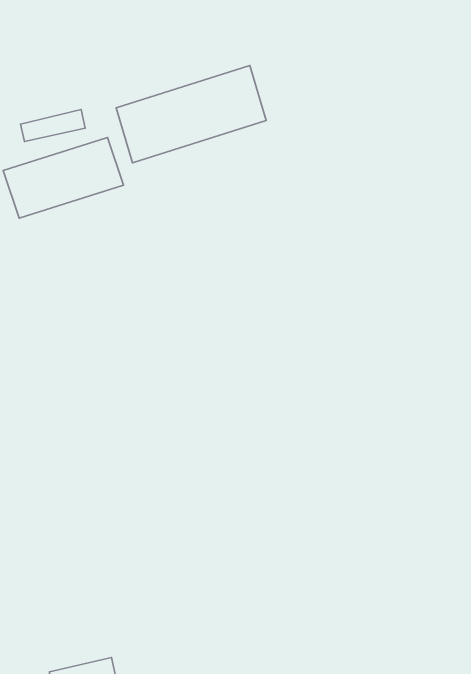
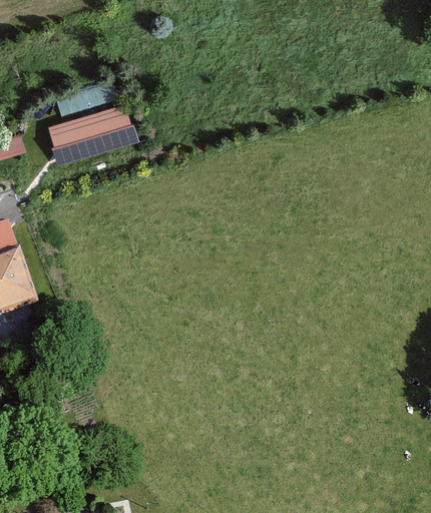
building: [116,66,266,163] -> none

